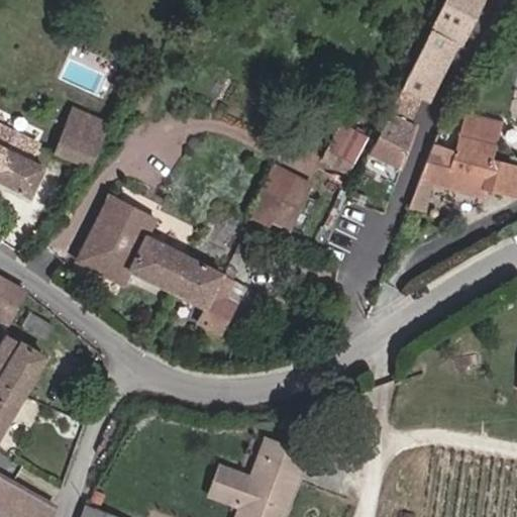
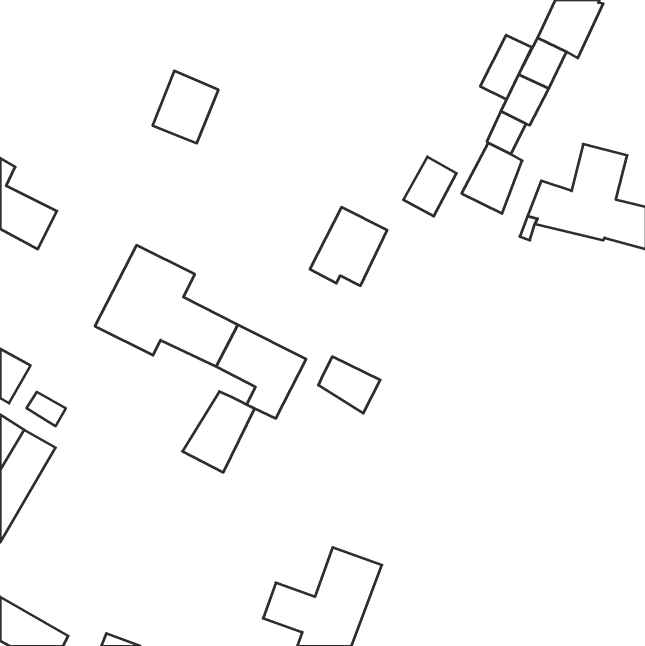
building: none -> [480,35,532,100]
building: [56,109,108,167] -> [153,71,218,143]
building: none -> [318,357,380,413]
building: none -> [182,391,255,472]

